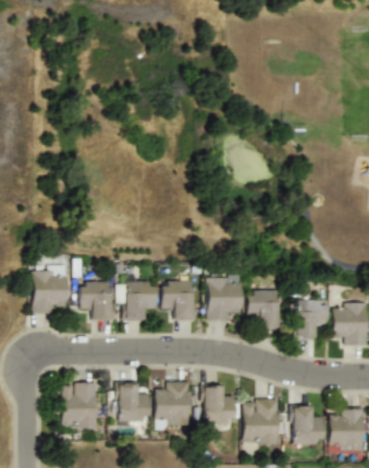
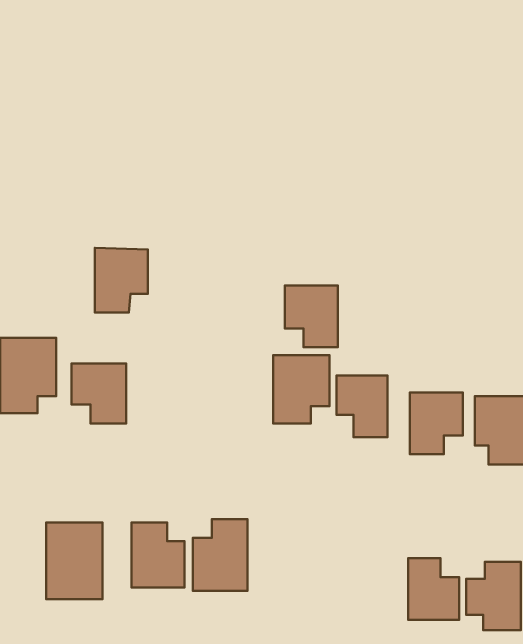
building: [123,279,157,321] -> [95,248,148,313]
building: [161,280,195,320] -> [285,286,338,347]
building: [202,385,236,424] -> none
building: [244,398,280,445] -> none

